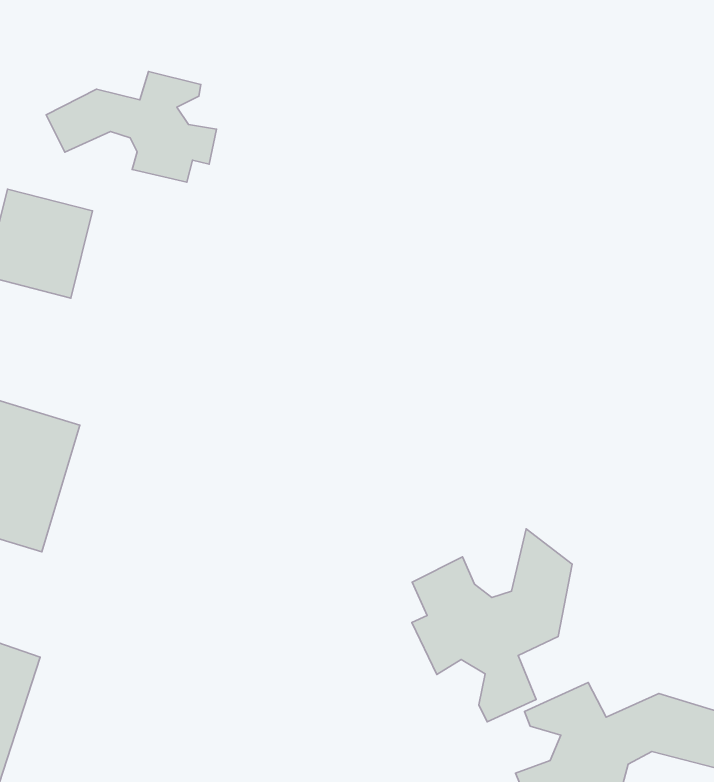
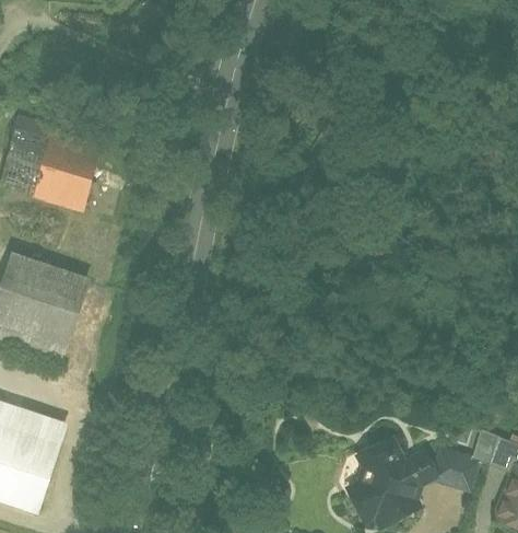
building: [46,72,216,182] -> none
building: [412,529,572,722] -> none

